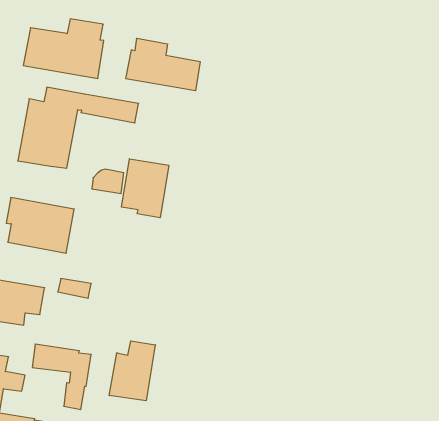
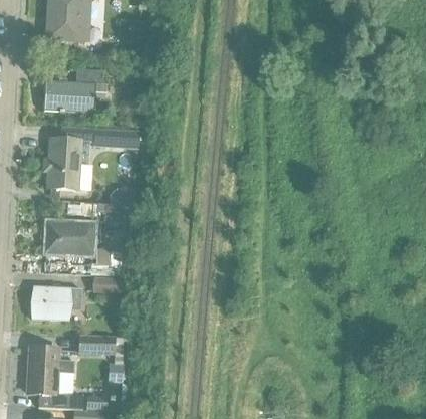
building: [126,38,200,91] -> none
building: [122,159,169,218] -> none
building: [109,341,155,401] -> none

